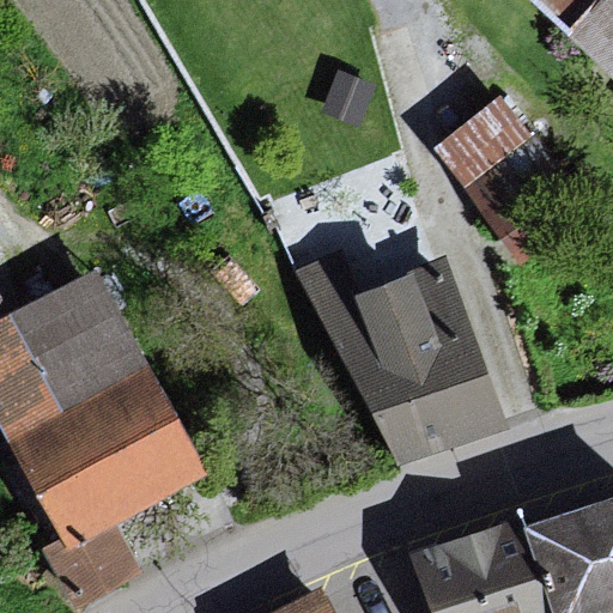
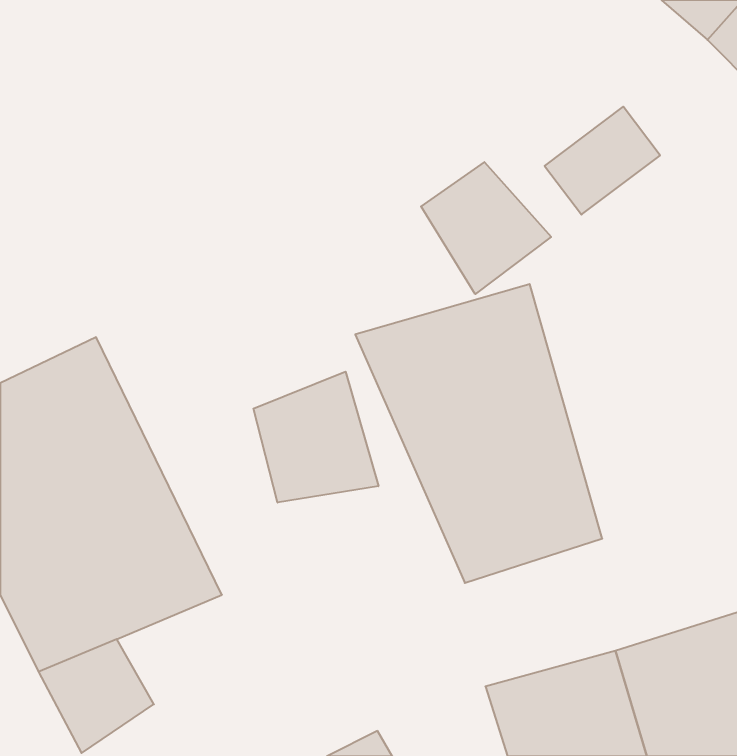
building: none -> [421,162,551,294]
building: none -> [253,372,378,503]

